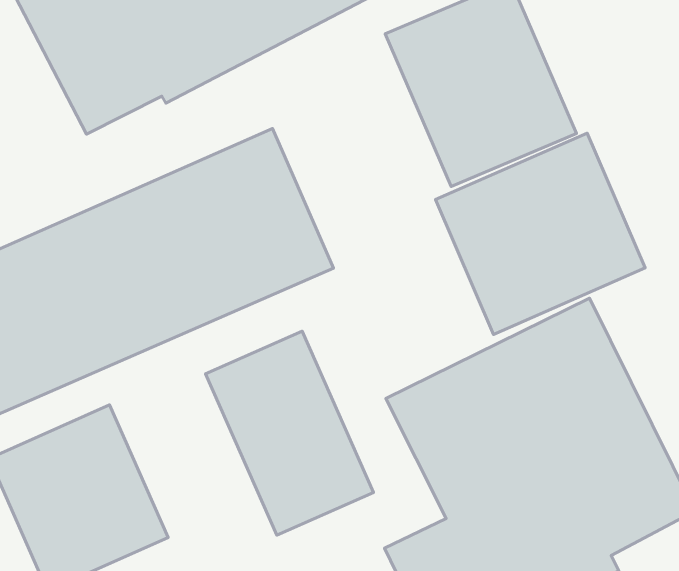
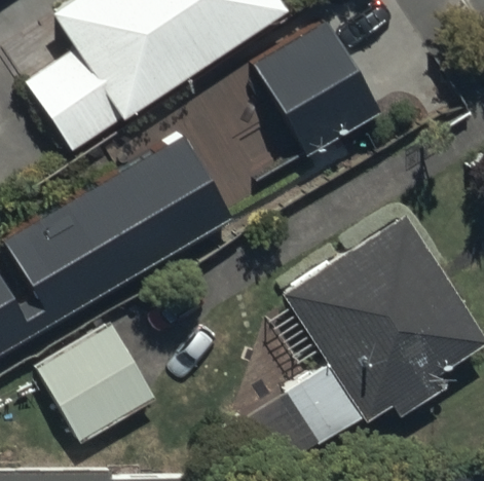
building: [435,133,645,334] -> none
building: [205,331,374,535] -> none

